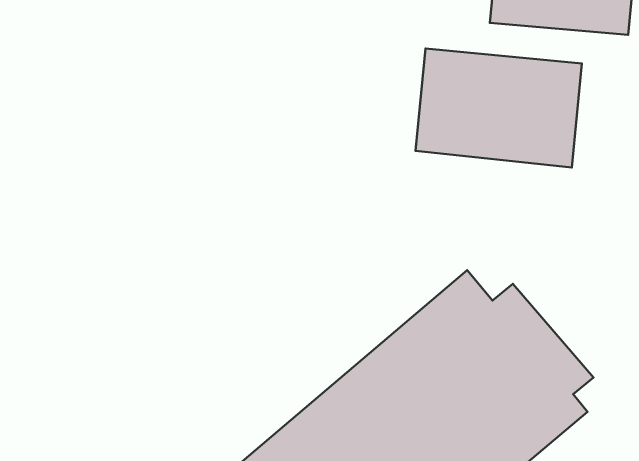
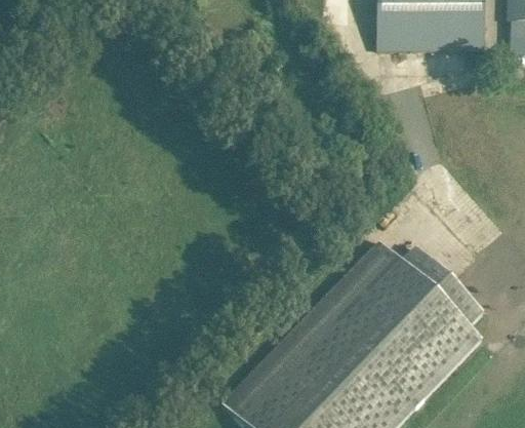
building: [416,49,582,167] -> none

